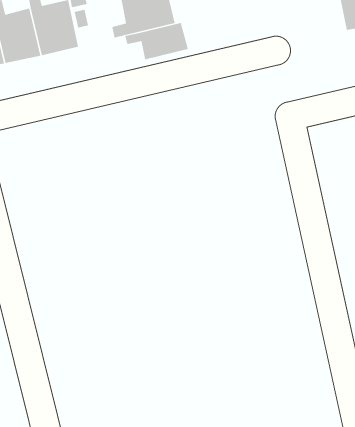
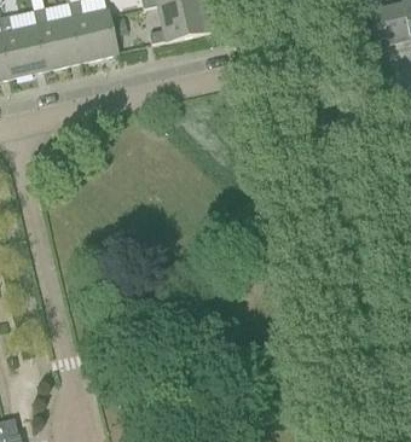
building: [124,22,189,60] -> none

